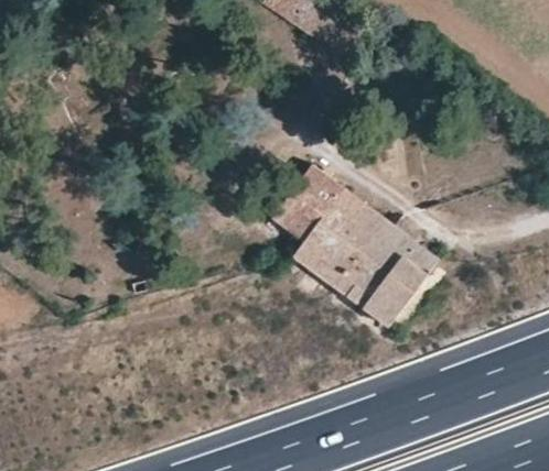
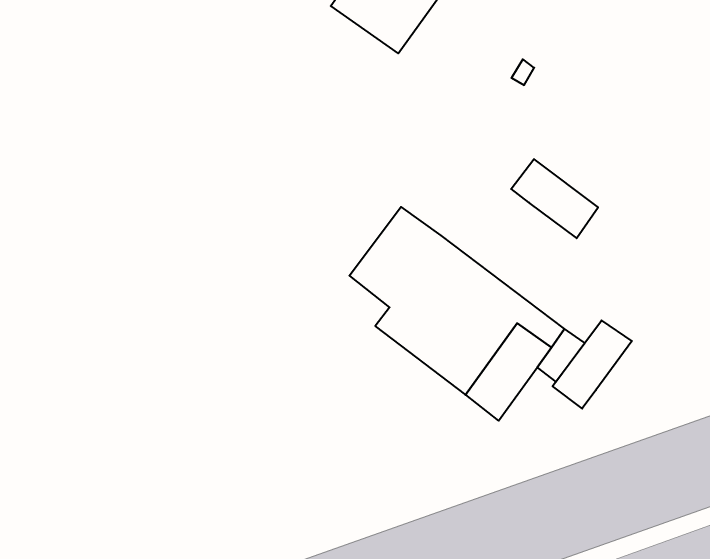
building: none -> [511,159,598,238]
building: none -> [553,320,632,409]

